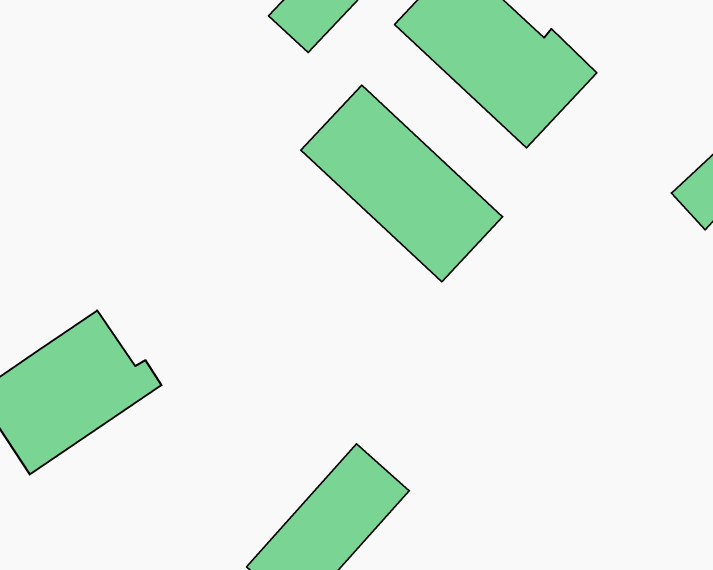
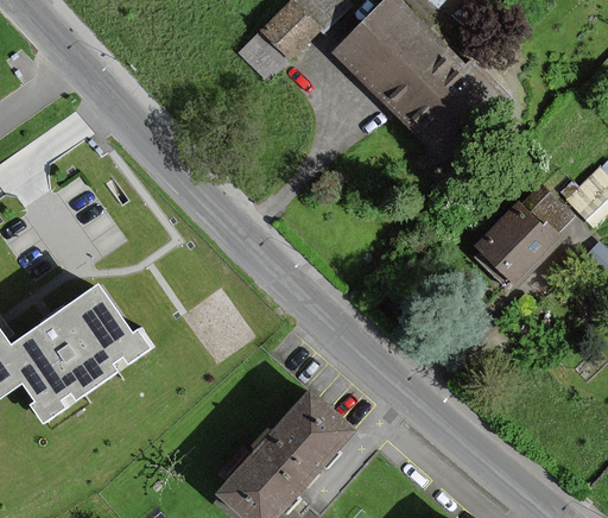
building: [301,85,503,282] -> none
building: none -> [473,189,583,290]

